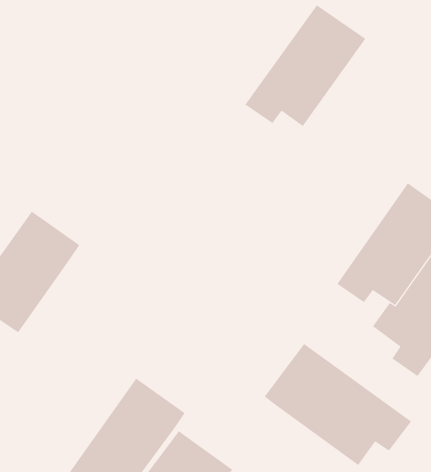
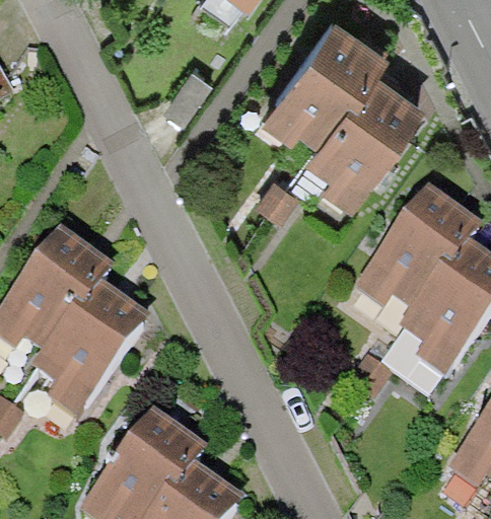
building: none -> [301,71,424,215]
building: none -> [34,274,157,418]
building: [264,343,412,466] -> none

